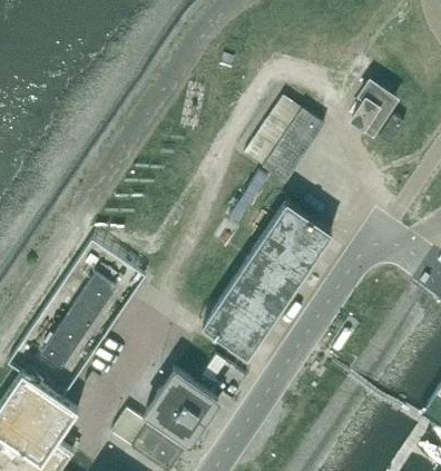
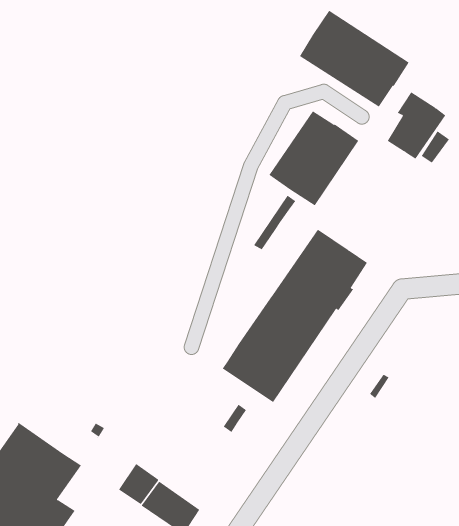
building: none -> [299,10,410,107]
building: [41,275,116,369] -> none
building: [145,371,217,443] -> none

